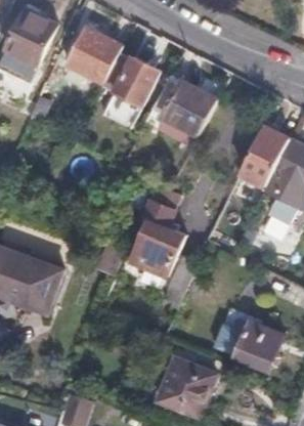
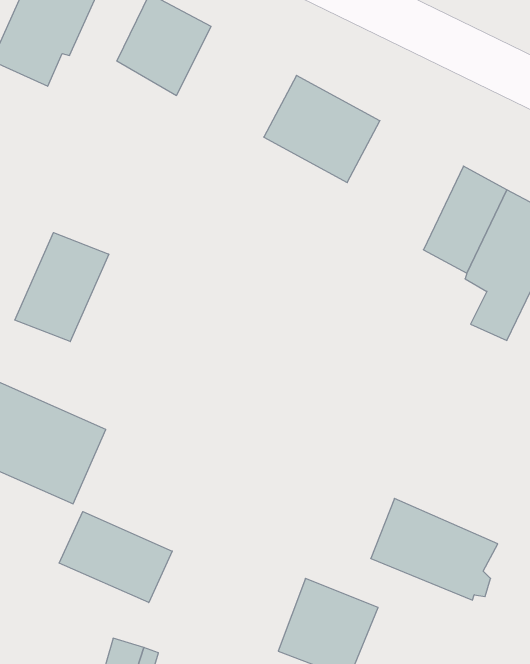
building: [113,54,160,108] -> none
building: none -> [15,233,109,342]
building: [129,201,183,279] -> none
building: none -> [59,512,172,603]

